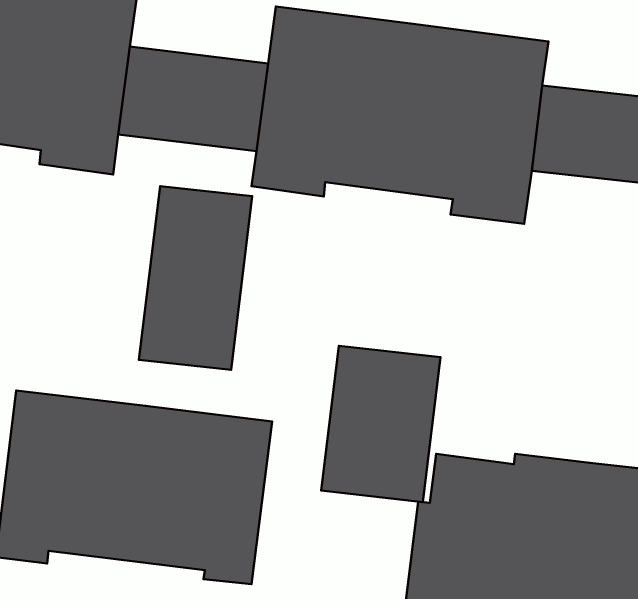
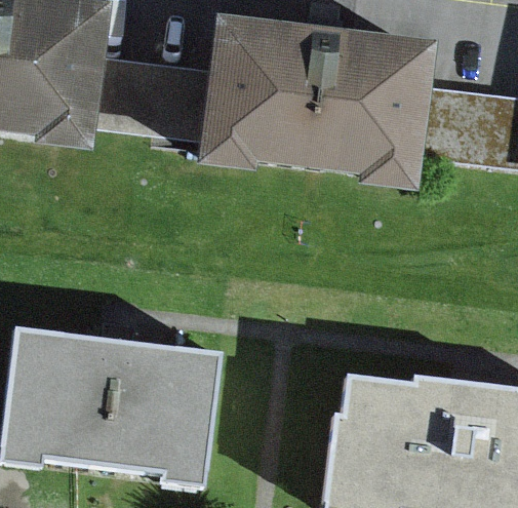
building: [139,186,252,370] -> none
building: [321,346,440,502] -> none

